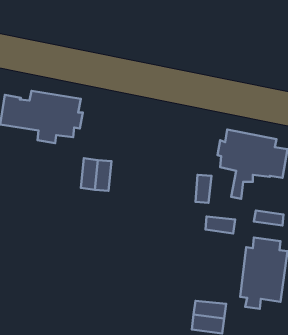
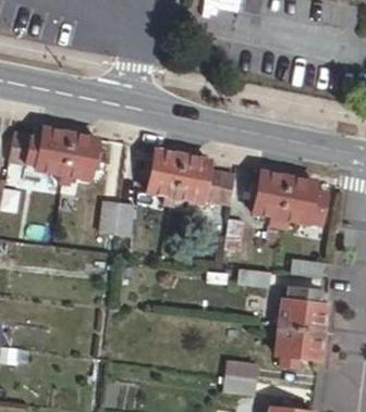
building: none -> [144,149,234,209]

